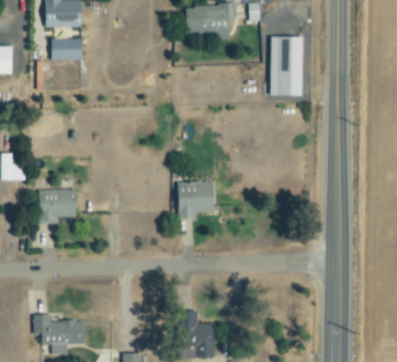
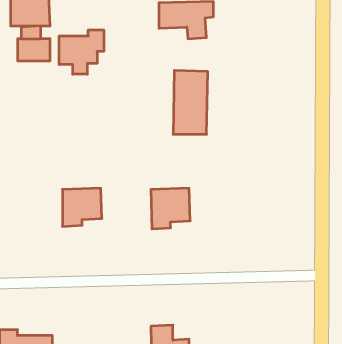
building: none -> [59,30,104,74]
building: [270,35,303,95] -> [173,70,208,134]
building: [39,188,77,224] -> [62,188,102,226]

